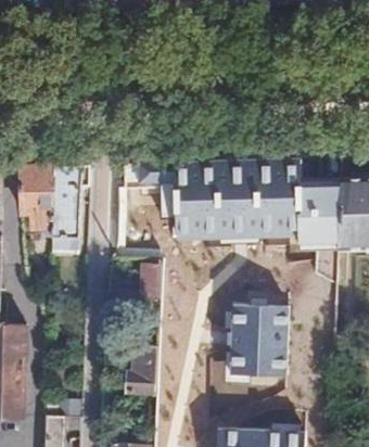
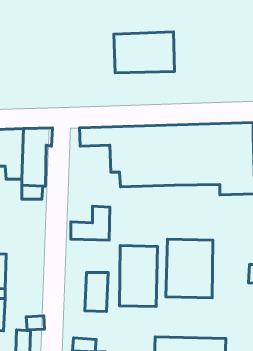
building: none -> [114,32,175,73]
building: none -> [120,246,157,306]

